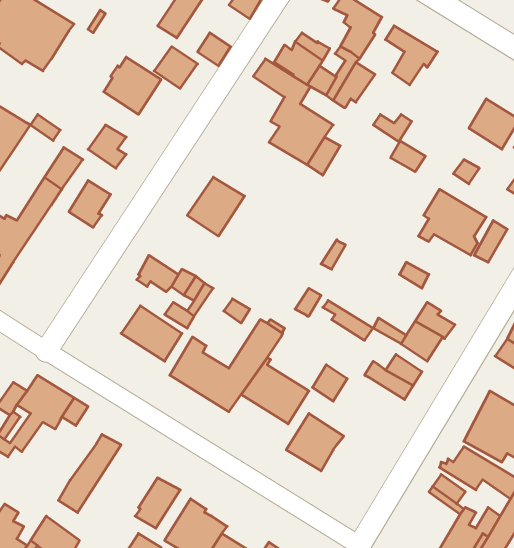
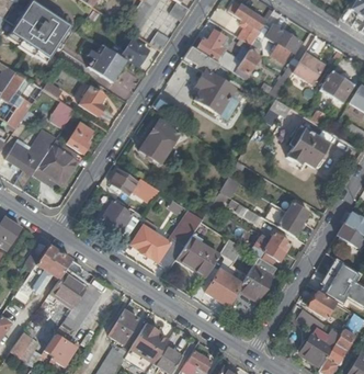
building: none -> [292,50,325,84]
building: none -> [33,138,79,184]
building: none -> [237,256,276,301]
building: none -> [47,274,86,311]

